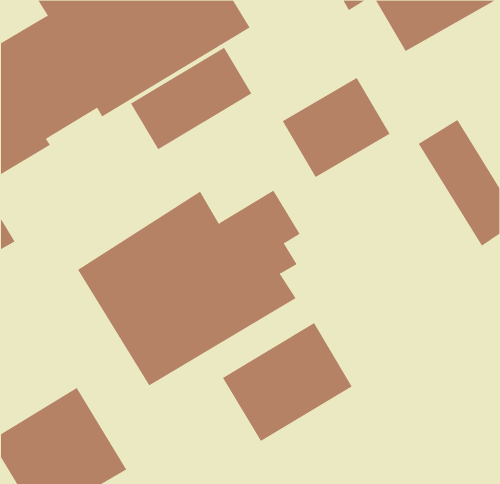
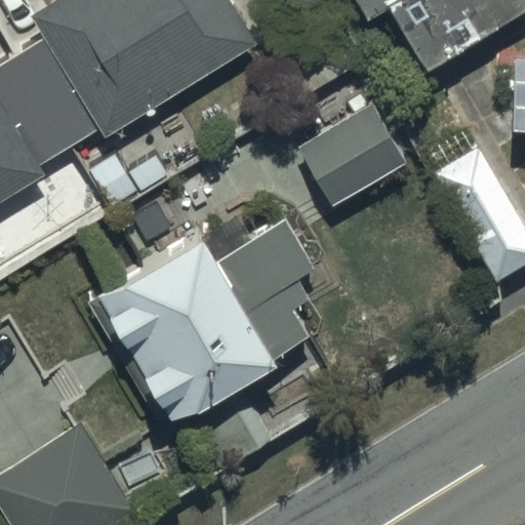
building: [130,47,252,150] -> none
building: [222,322,353,442] -> none

